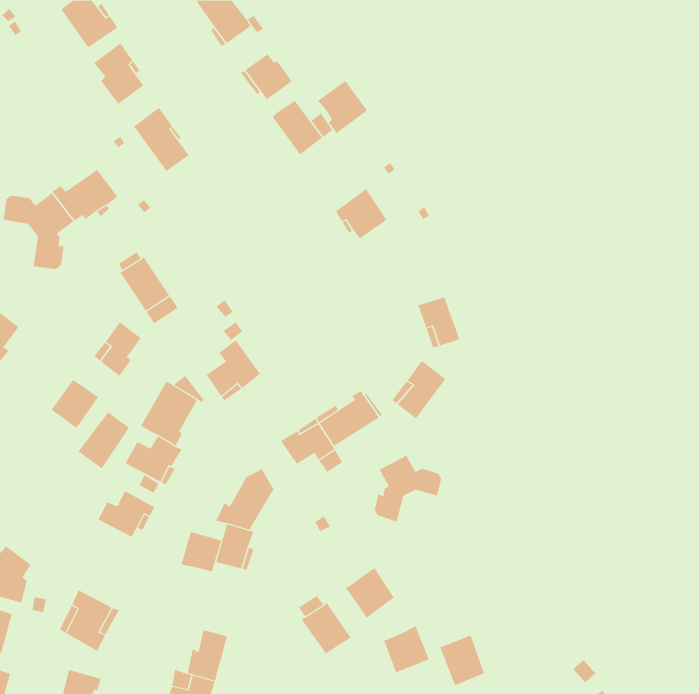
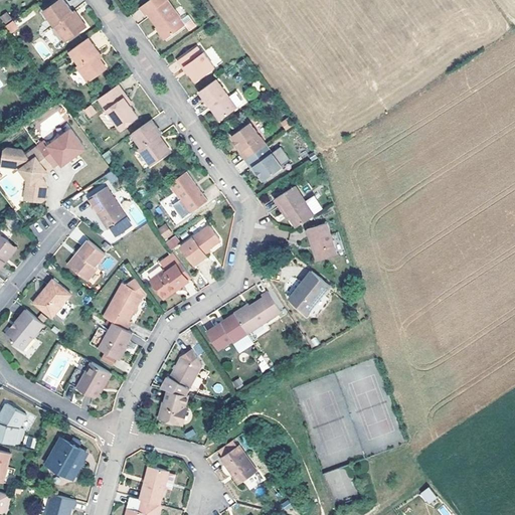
building: [317,80,368,134] -> [231,122,269,161]
building: none -> [134,121,168,163]
building: none -> [169,171,207,213]
building: none -> [270,186,311,227]
building: none -> [180,227,219,268]
building: [78,411,130,469] -> [8,314,46,356]
building: [374,455,442,522] -> none
building: [181,531,222,572] -> none
building: [345,567,395,618] -> none
building: [384,626,430,673] -> none

